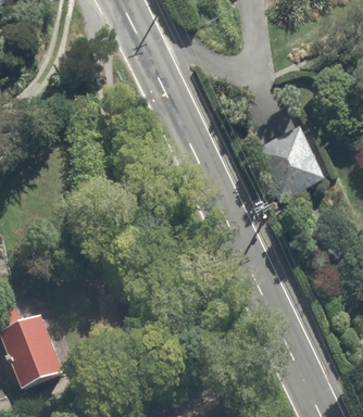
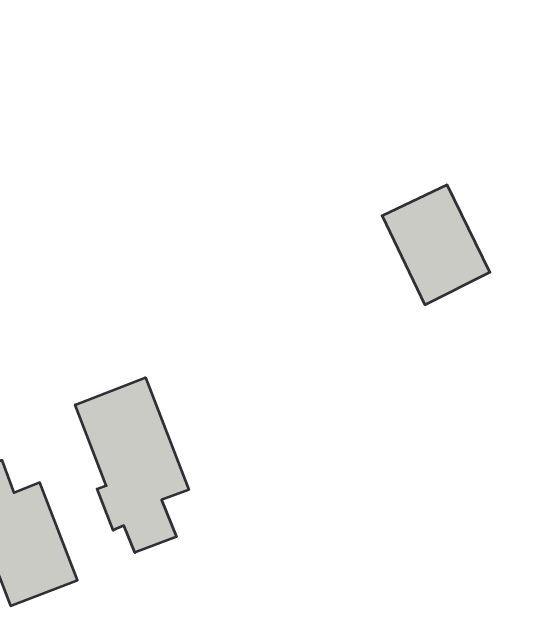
building: none -> [75,378,189,553]

